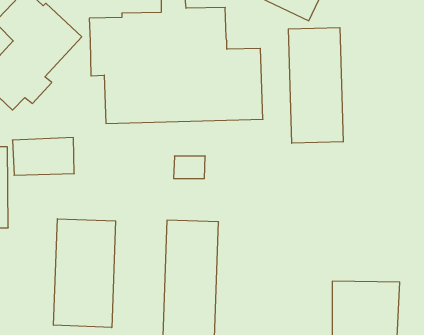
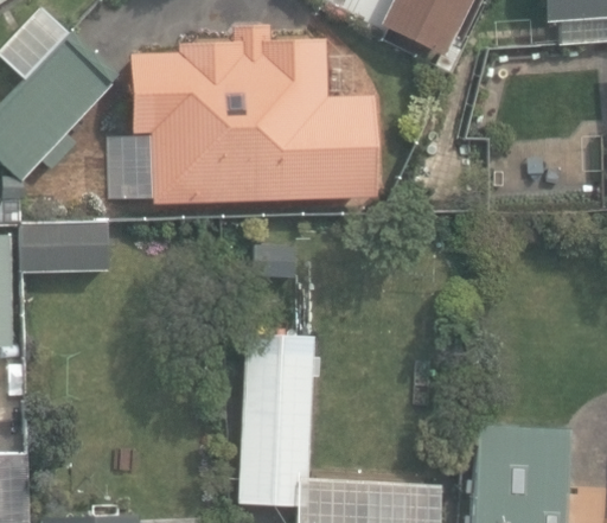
building: [288,28,343,143] -> none
building: [54,219,116,328] -> none

